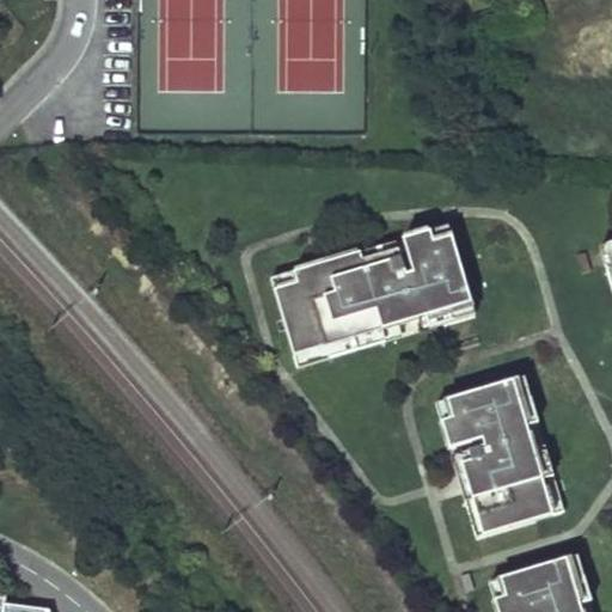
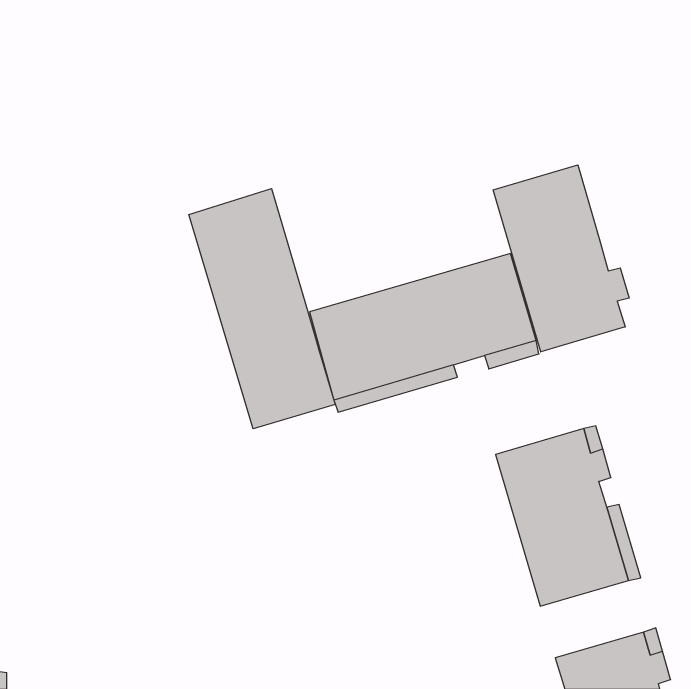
building: none -> [493,165,629,352]
building: none -> [189,189,335,429]

